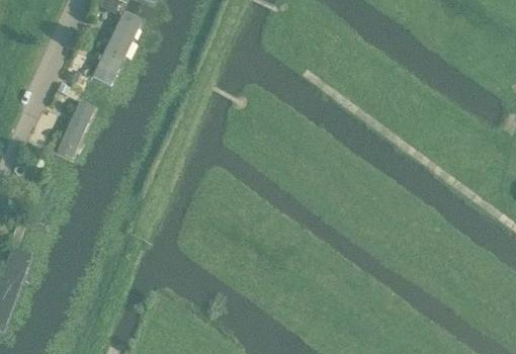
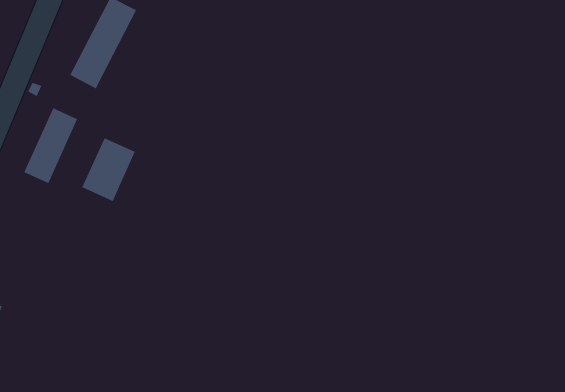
building: none -> [81,137,136,202]

